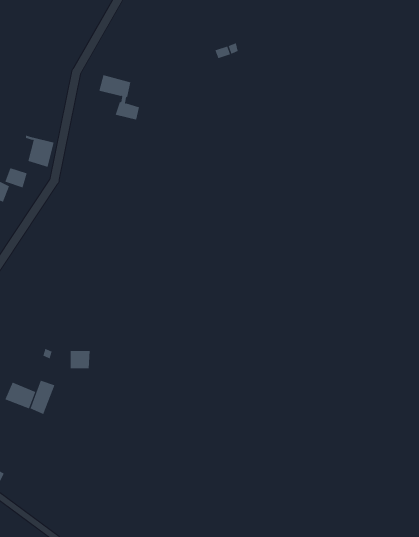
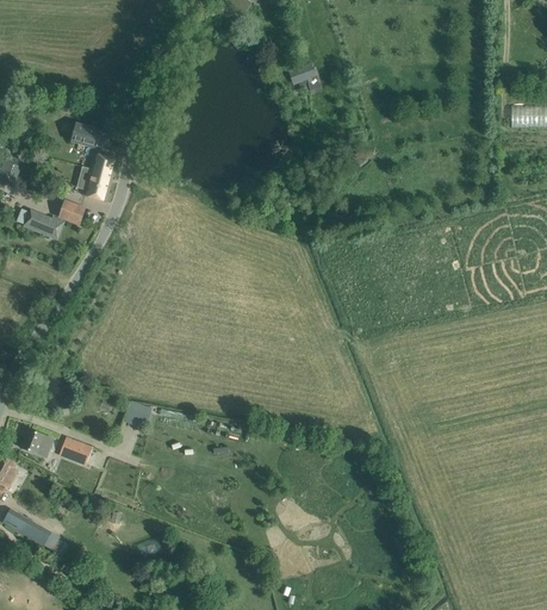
building: [99,75,140,120] -> [70,124,116,174]
building: [30,380,55,415] -> none

